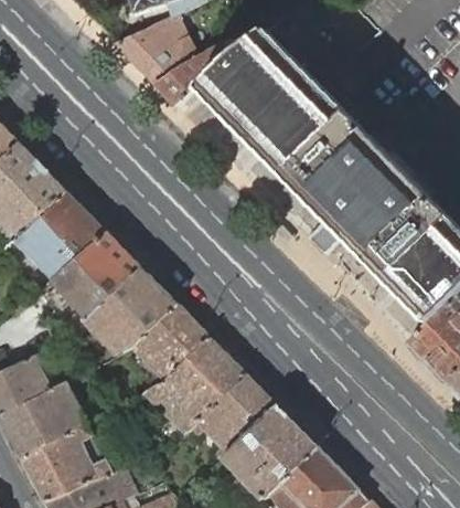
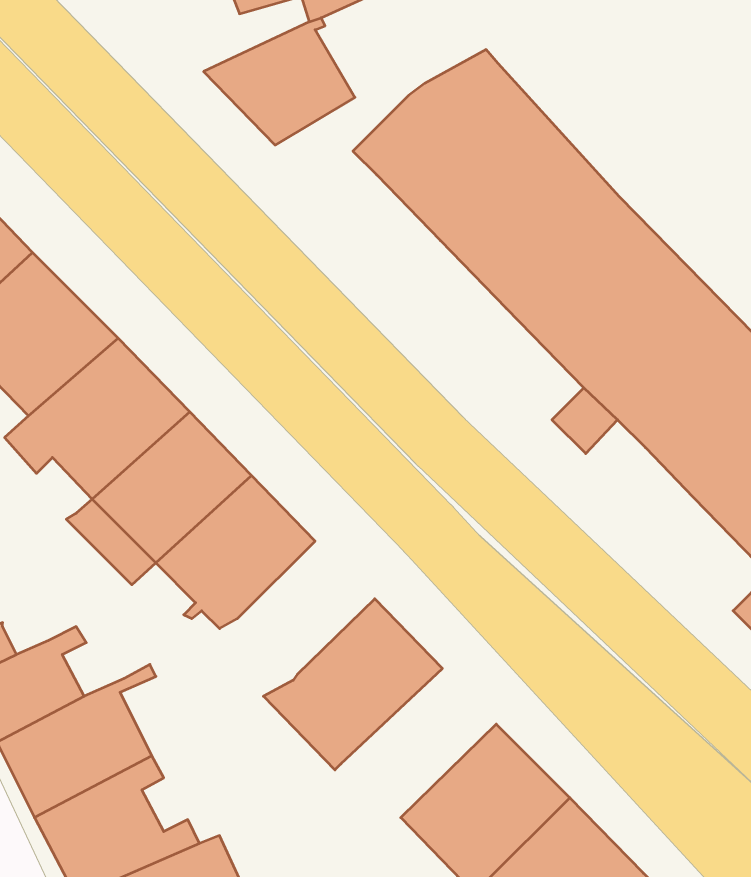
building: [154,39,237,108] -> none
building: [135,305,210,379] -> none
building: [191,375,277,461] -> none

